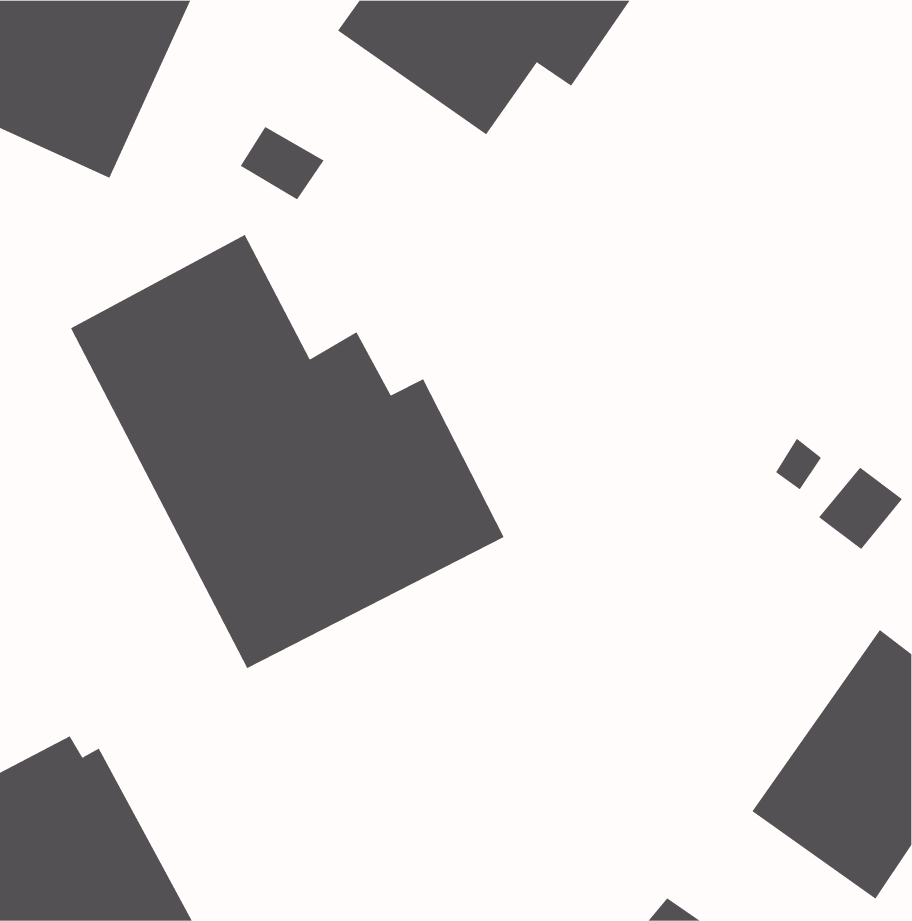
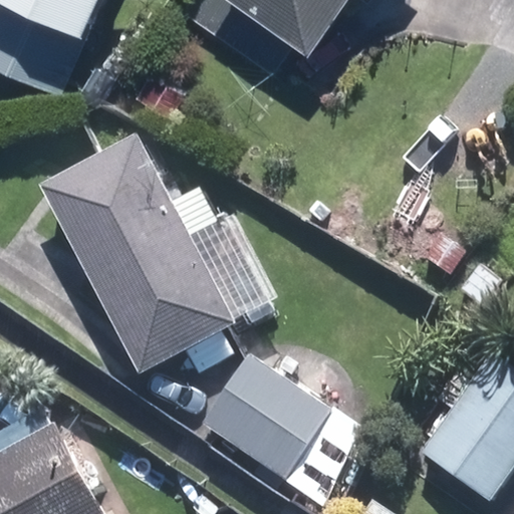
building: none -> [202,354,359,507]

